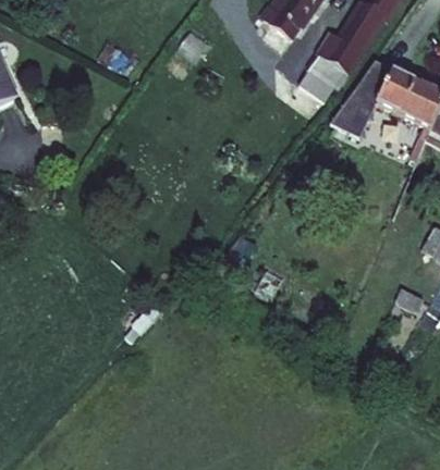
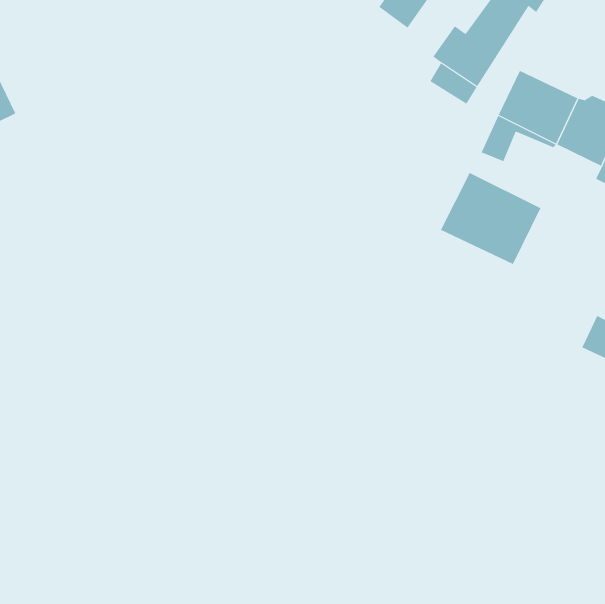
building: none -> [440,172,541,265]

